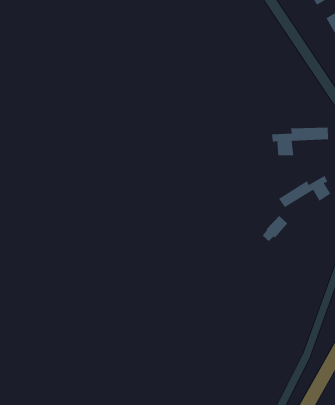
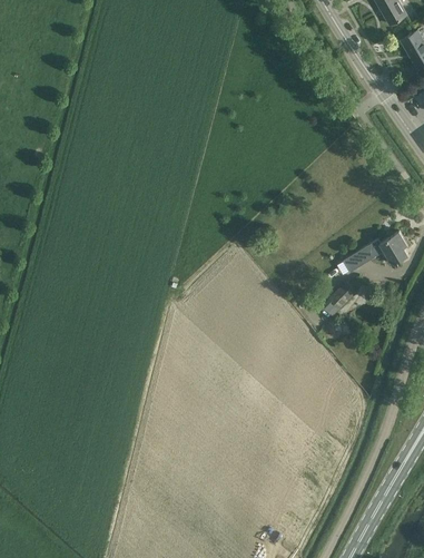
building: [272,127,328,156] -> none

